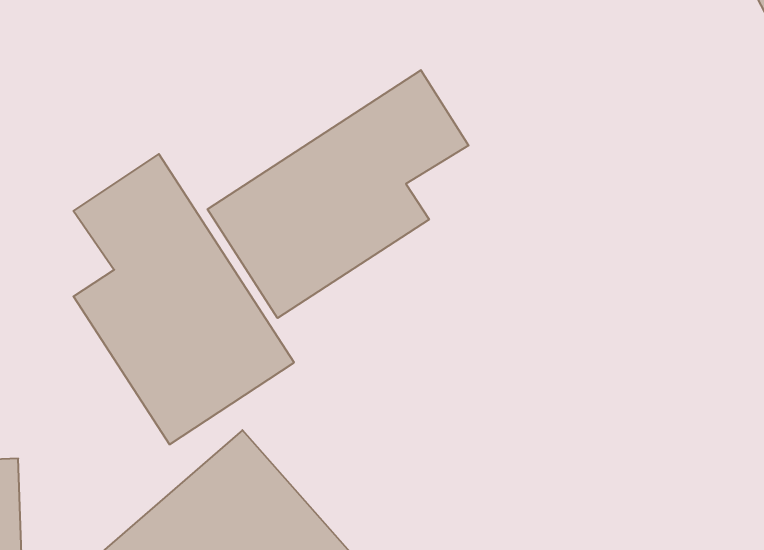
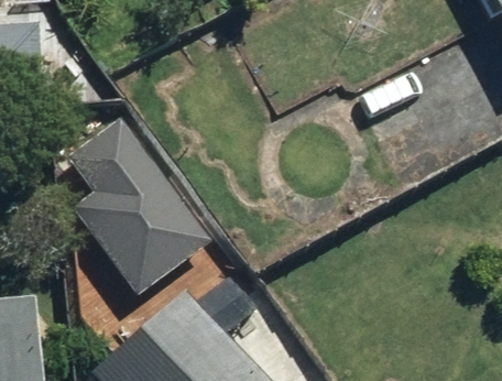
building: [208,70,469,318] -> none

